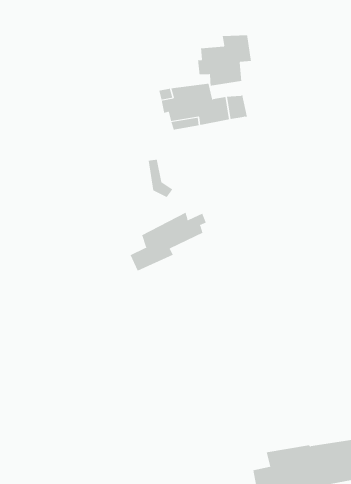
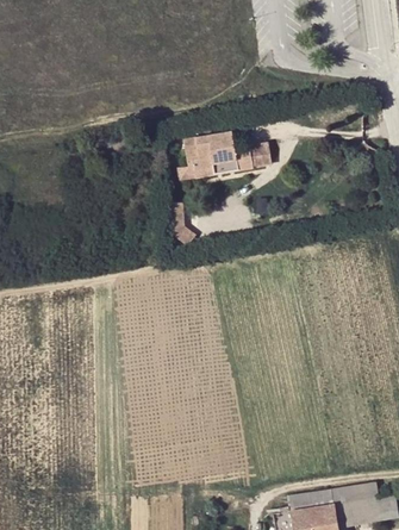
building: [197,34,251,87] -> none
building: [130,212,207,272] -> none

